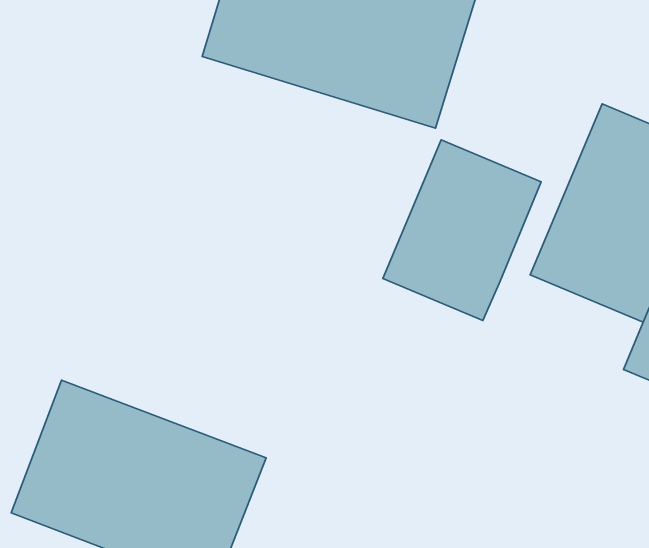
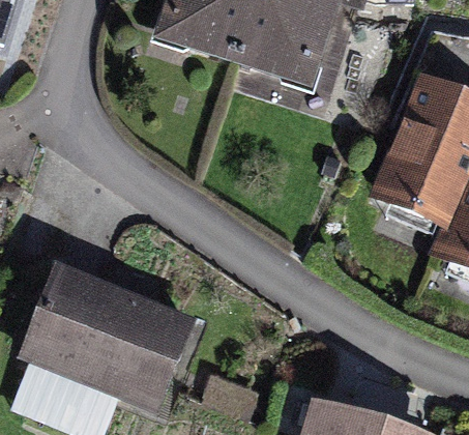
building: [383,140,541,320] -> none

